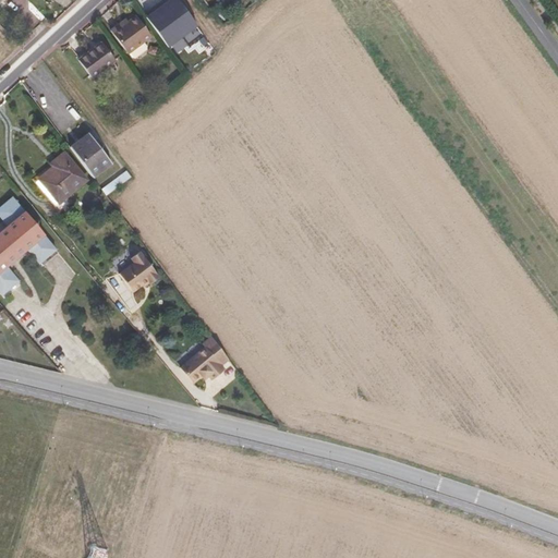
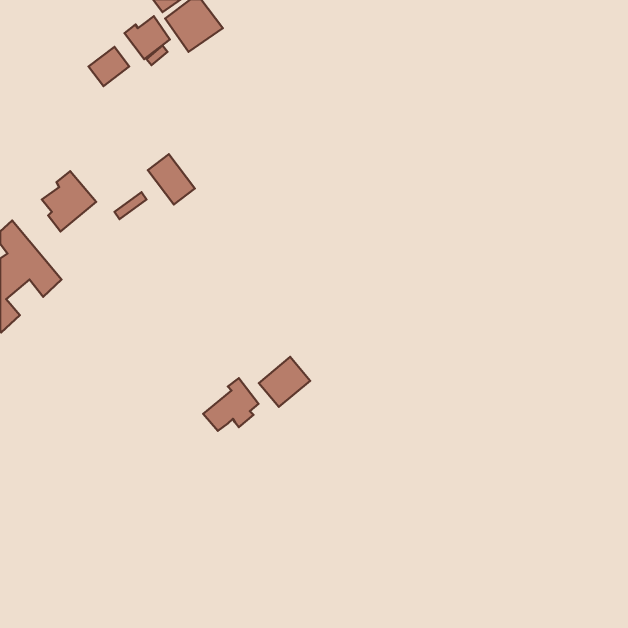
building: [71,132,112,177] -> [148,154,195,205]
building: [120,251,160,291] -> none
building: none -> [259,357,310,407]

